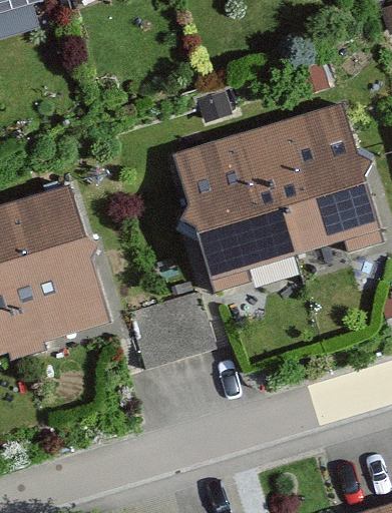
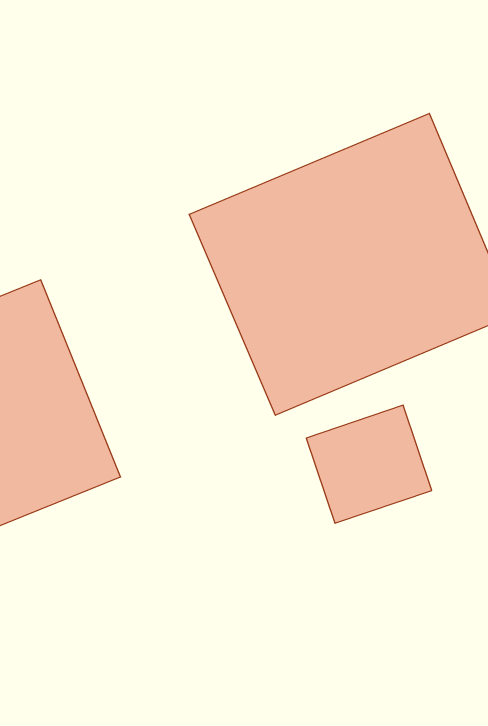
building: [129,288,209,361] -> [306,405,432,523]

